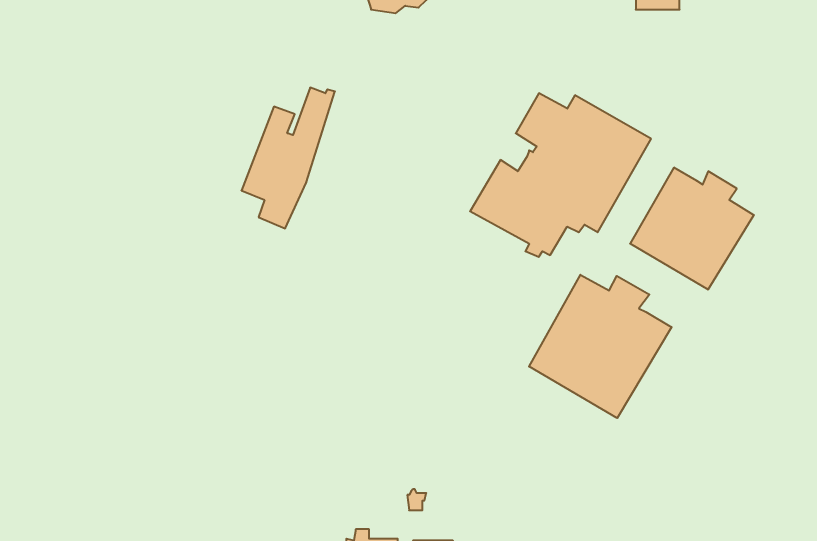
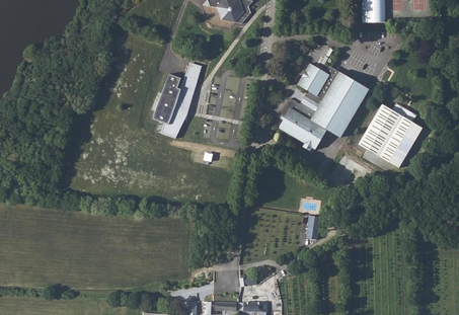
building: [529,275,672,418] -> none

